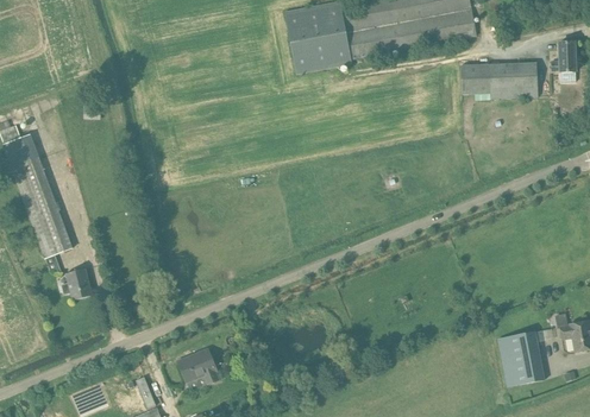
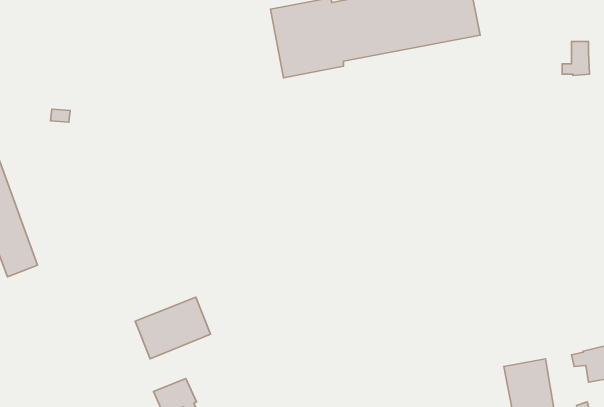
building: [460,62,538,97] -> none
building: [61,266,92,299] -> none
building: none -> [135,297,210,359]

